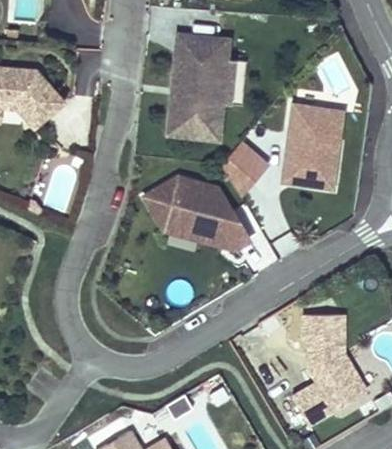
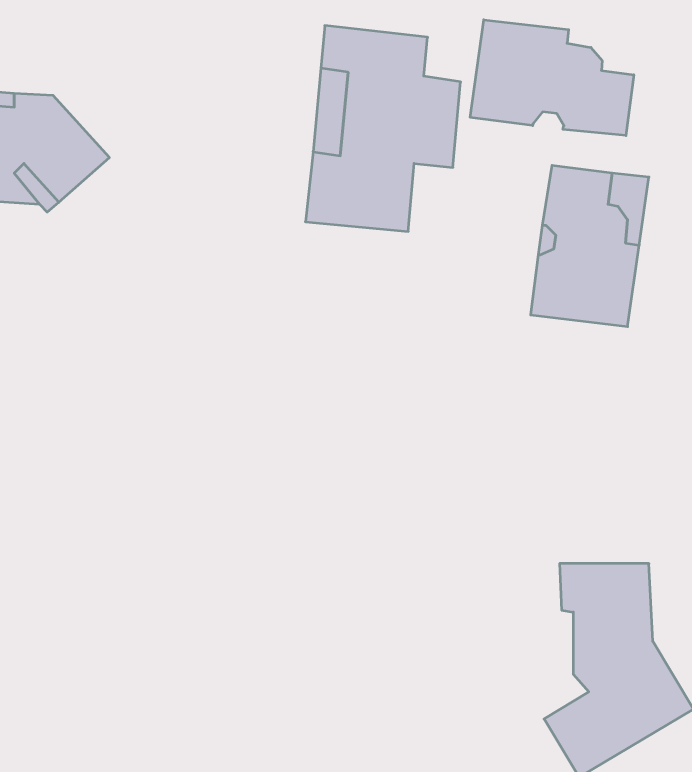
building: none -> [470,20,634,136]
building: [223,137,265,198] -> none
building: [141,178,255,251] -> none

